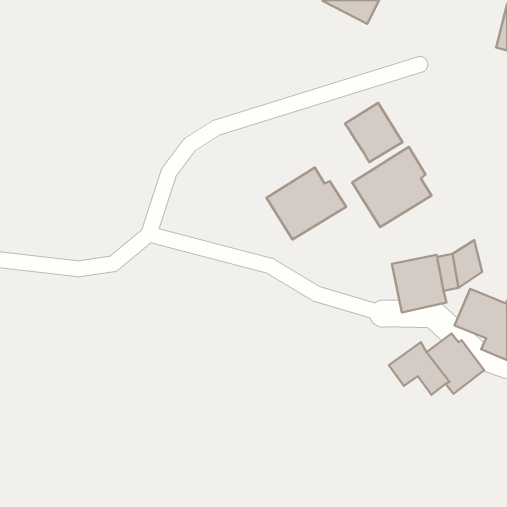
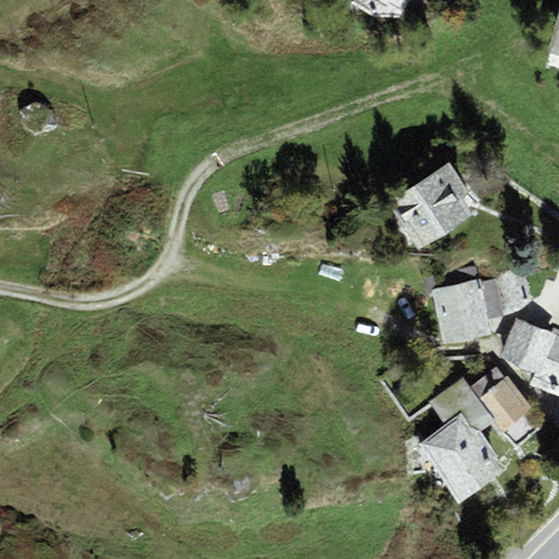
building: [345,103,403,162] -> none
building: [267,168,346,240] -> none
building: none -> [416,414,502,503]

